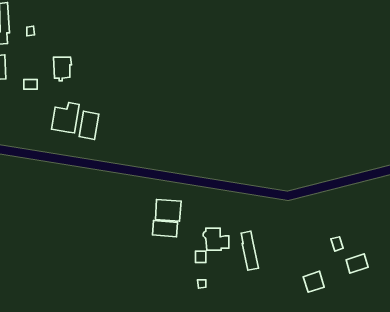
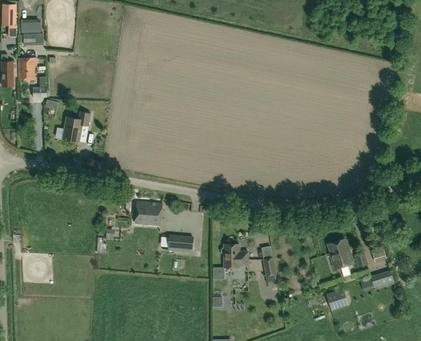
building: [53,57,72,81] -> [17,57,36,82]
building: [79,111,99,139] -> none
building: [156,199,181,221] -> [134,201,161,224]
building: none -> [327,237,352,267]

